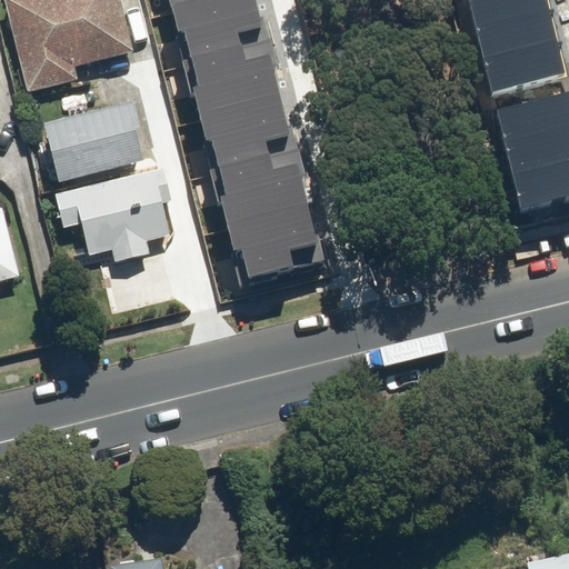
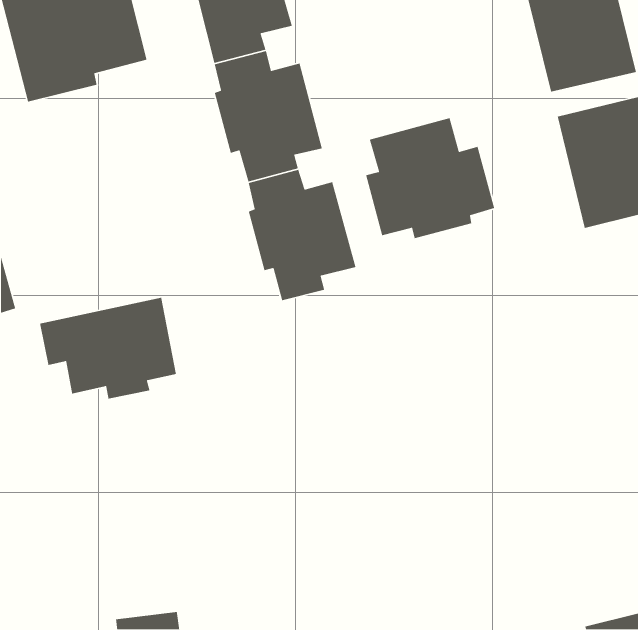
building: none -> [365,117,495,239]
building: [33,104,143,189] -> none
building: [51,171,173,262] -> [39,297,177,399]

